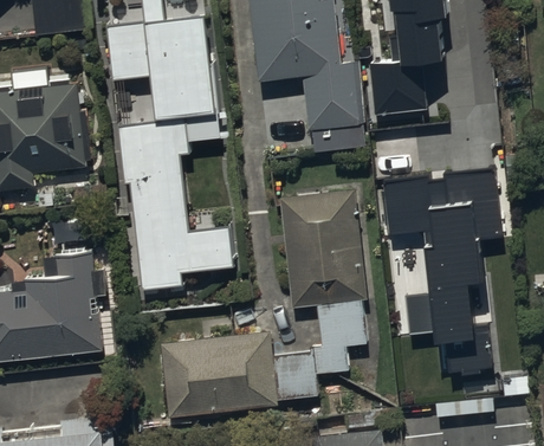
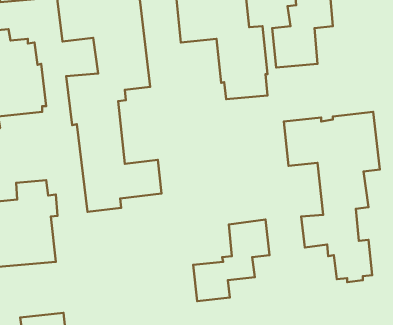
building: [278,188,367,308] -> none
building: [158,330,277,418] -> none

